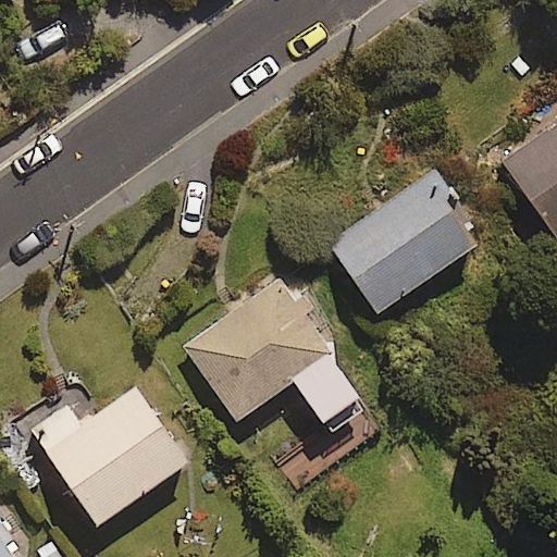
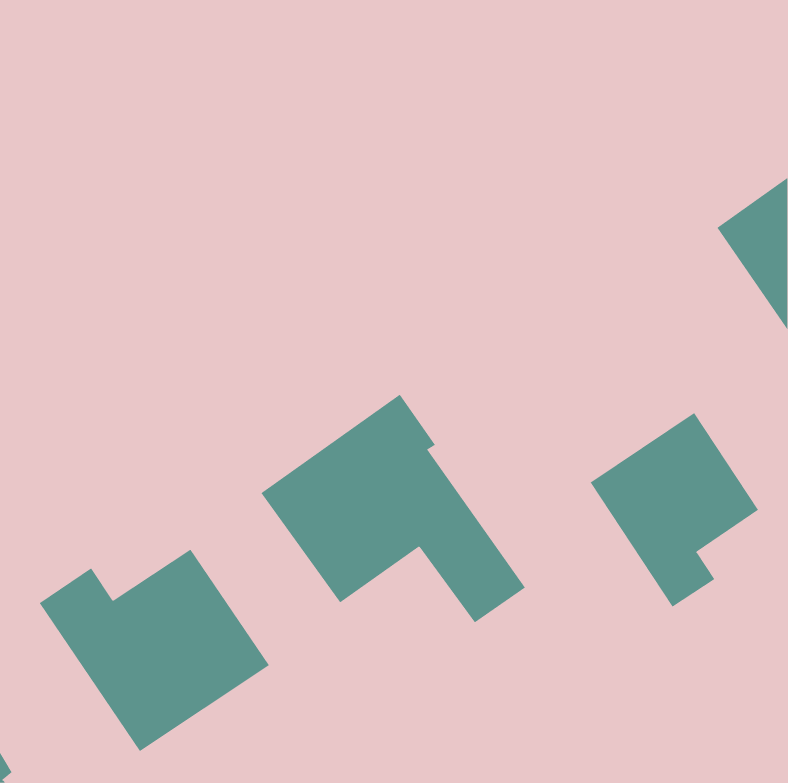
building: [329,169,482,314] -> none
building: none -> [590,412,759,608]

